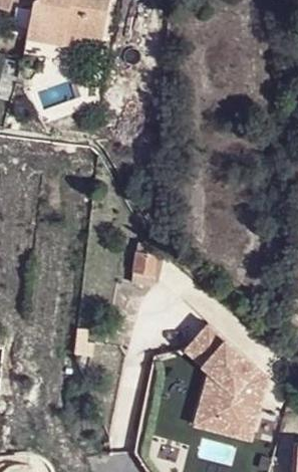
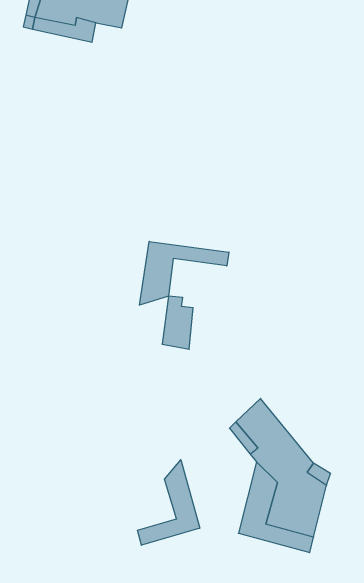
building: none -> [139,241,229,305]
building: none -> [137,460,200,545]

